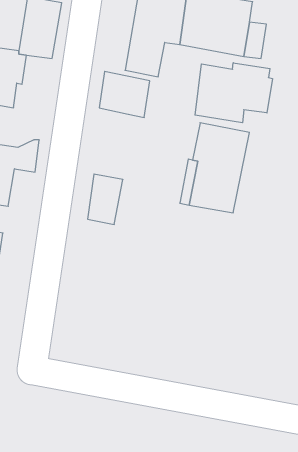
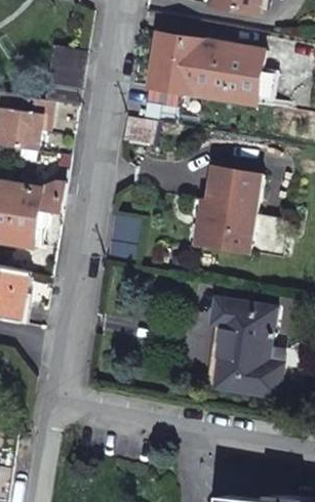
building: [195,63,272,123] -> none
building: none -> [211,296,280,396]

